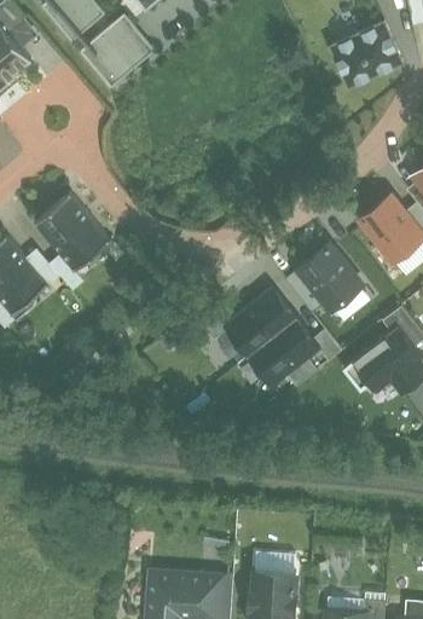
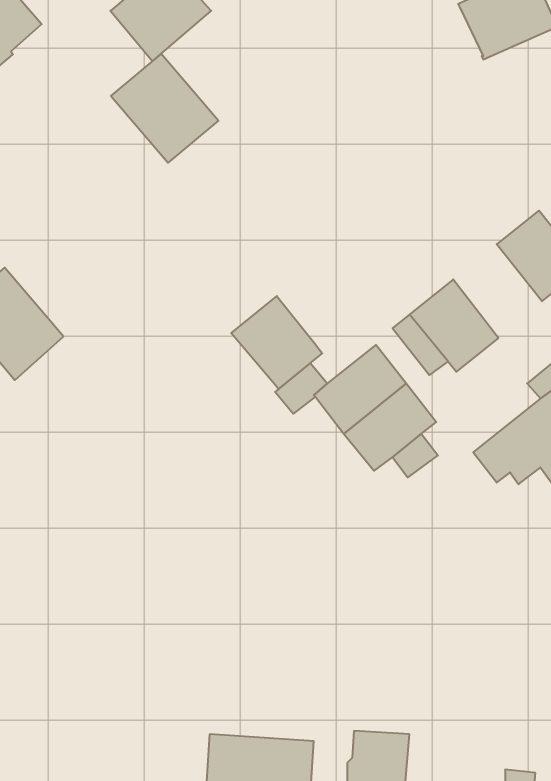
building: [34,192,111,271] -> [111,54,218,163]
building: none -> [231,296,322,389]

